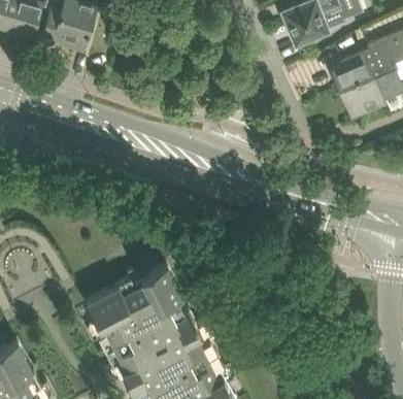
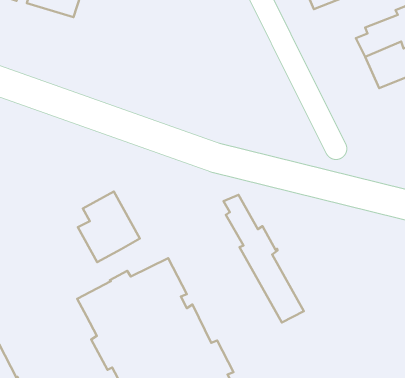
building: none -> [78,192,140,262]
building: none -> [224,195,304,323]

